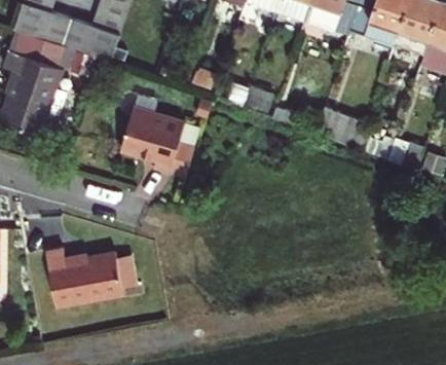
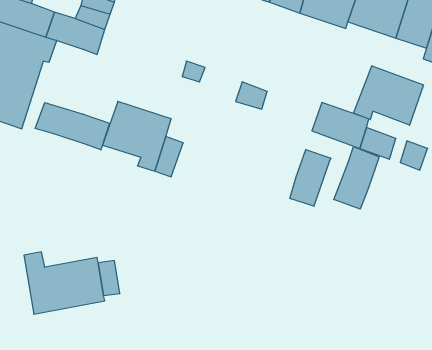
building: none -> [354,66,424,125]
building: none -> [35,103,109,150]
building: none -> [334,146,379,209]
building: none -> [290,150,331,206]

